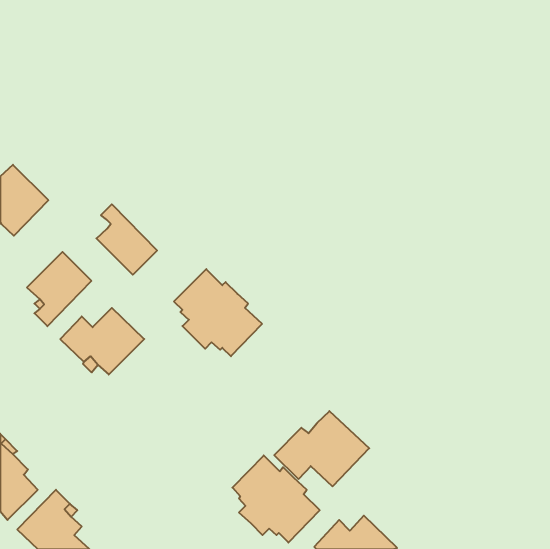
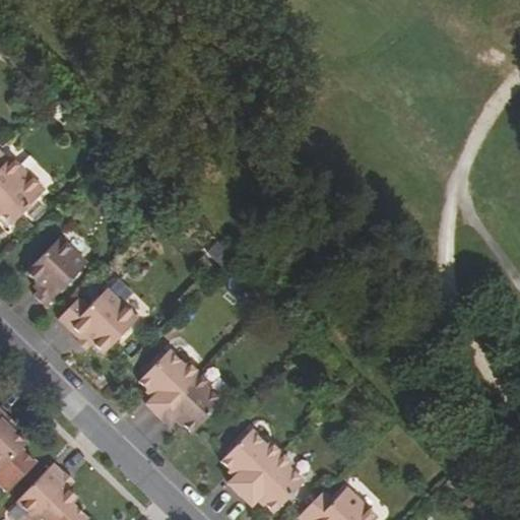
building: [96,204,157,275] -> none
building: [174,269,262,356] -> [136,348,219,431]
building: [274,411,369,486] -> none

